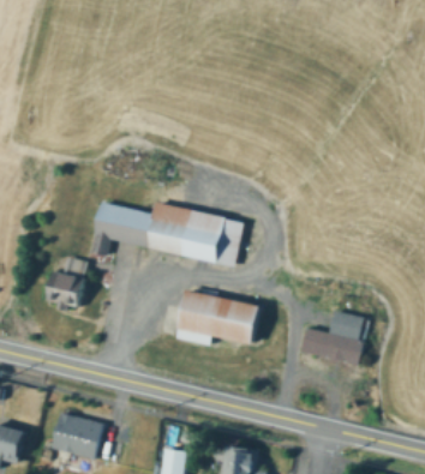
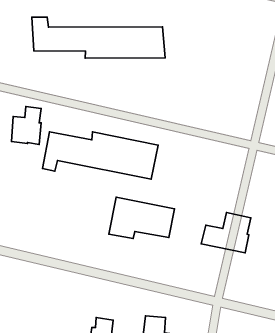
building: none -> [32,17,165,58]
building: [48,256,88,306] -> [11,107,41,144]
building: [50,418,95,455] -> none

